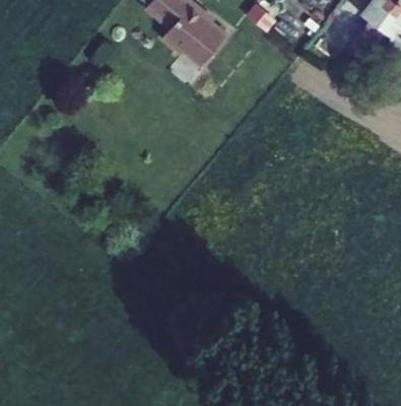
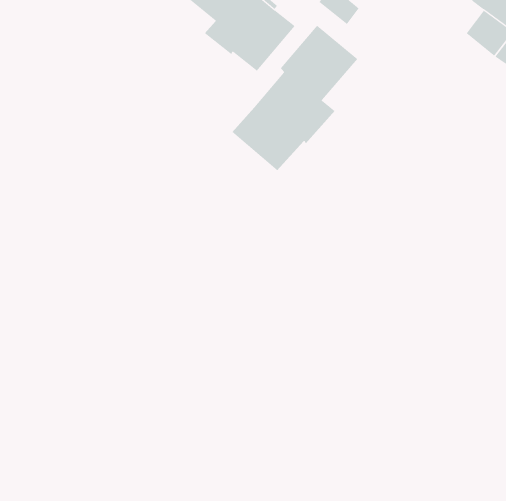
building: none -> [232,25,358,171]

